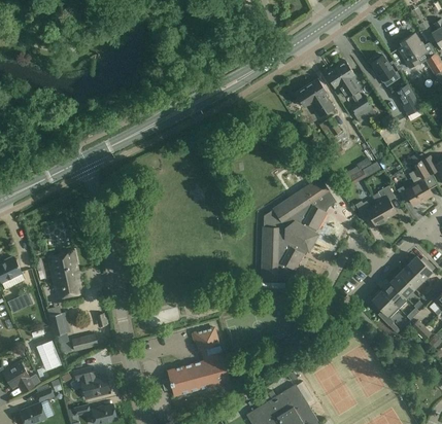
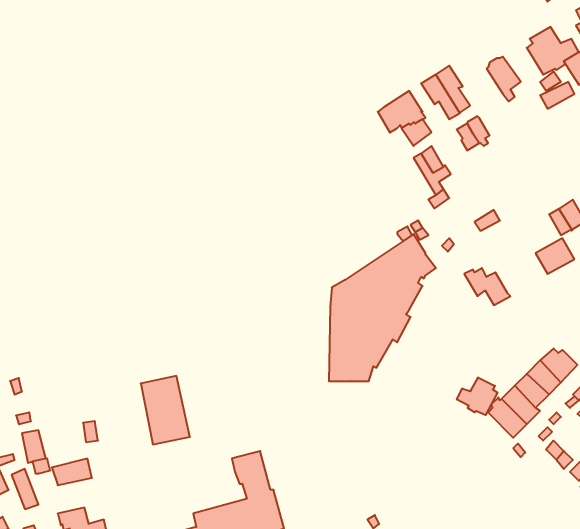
building: [394,83,420,115] -> none
building: [376,185,397,218] -> none
building: [49,250,83,297] -> [141,376,190,444]
building: none -> [457,377,498,415]

